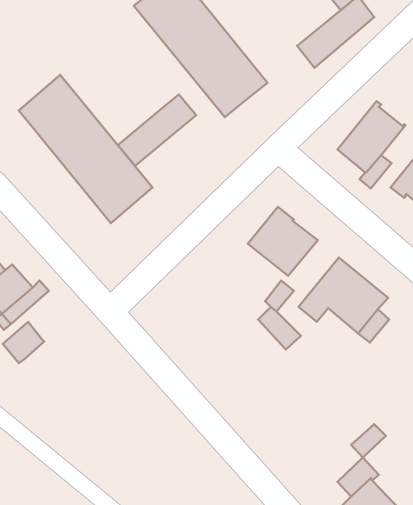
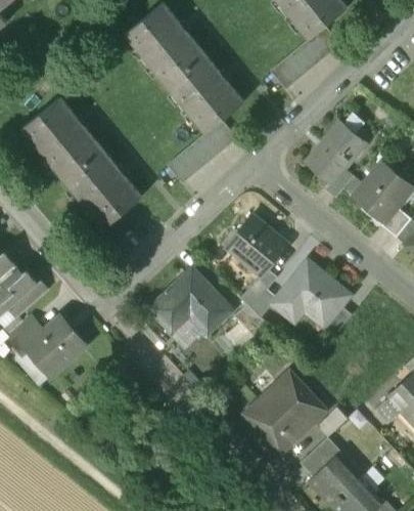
building: [118,95,196,166] -> [168,121,237,184]
building: none -> [150,268,231,332]
building: none -> [28,317,85,375]
building: none -> [245,371,327,453]

